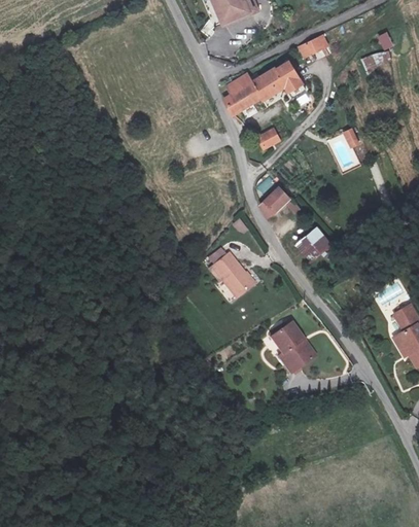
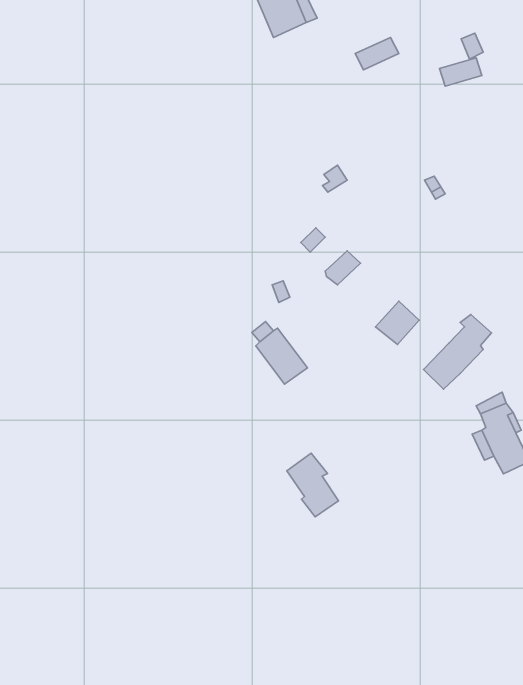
building: [225,64,307,115] -> none
building: none -> [424,315,492,389]
building: [275,320,314,368] -> [287,453,338,517]

